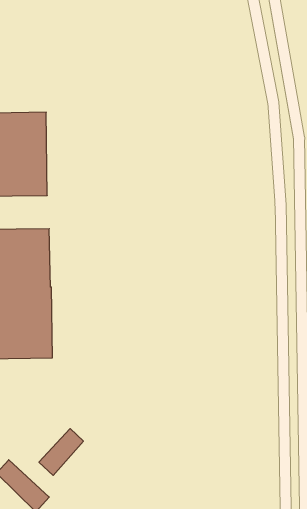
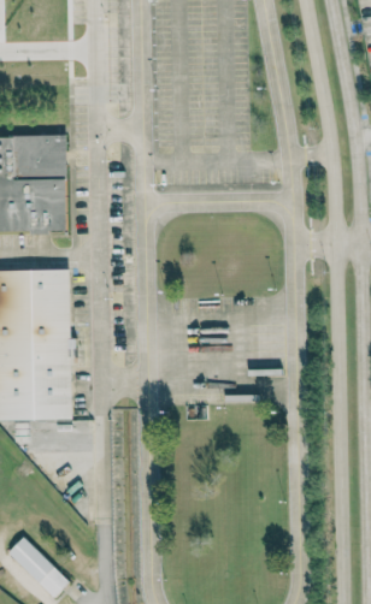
building: [39,429,83,475] -> none

